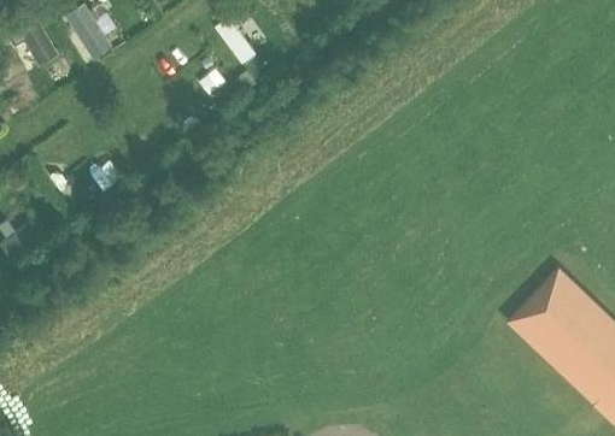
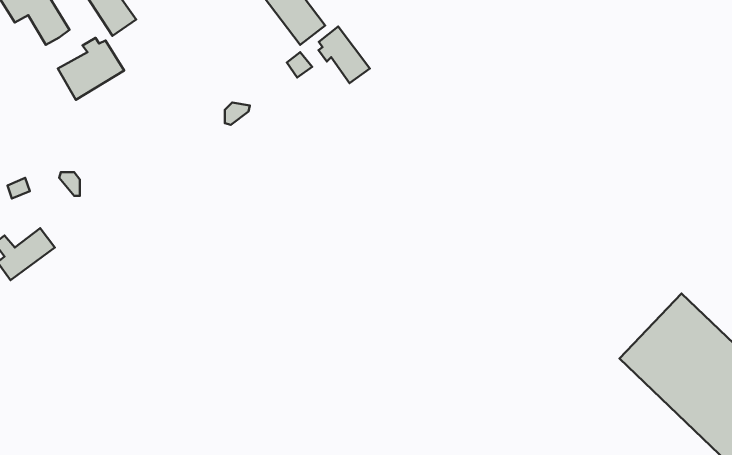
building: none -> [319,27,370,83]
building: none -> [58,38,124,100]

